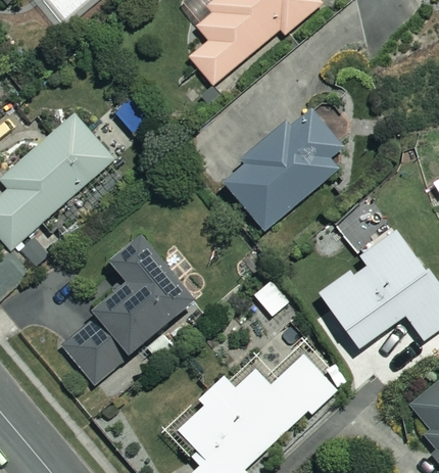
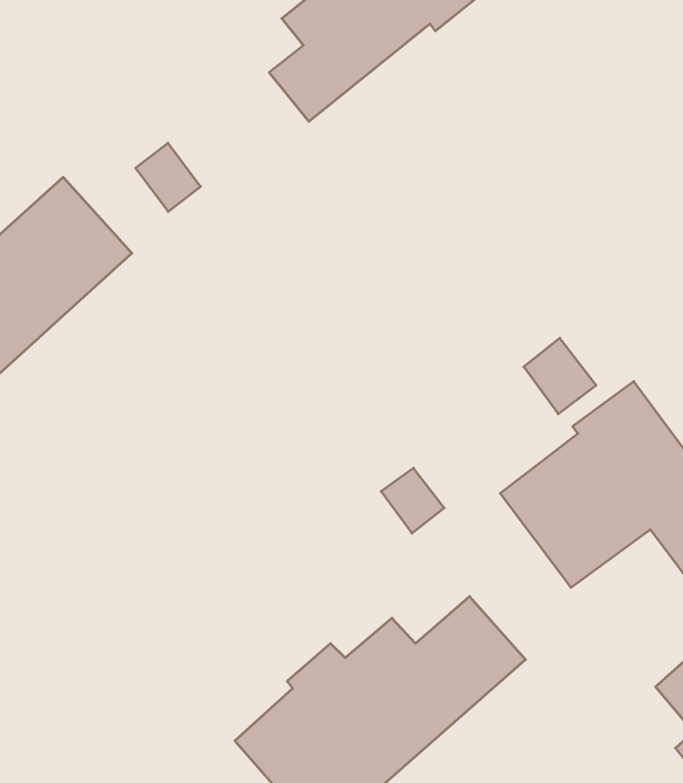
building: [225,105,342,229] -> none
building: [61,235,196,385] -> none

